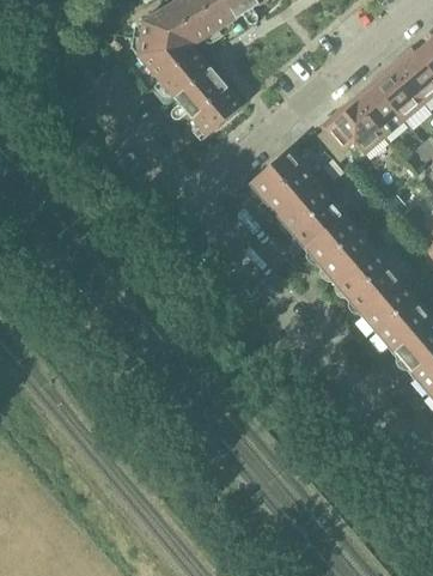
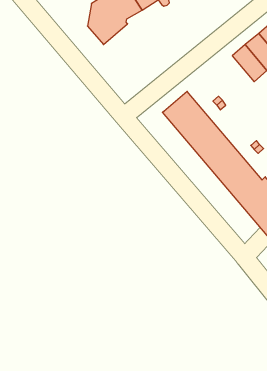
building: [161,50,243,134] -> none
building: [322,98,385,153] -> none

